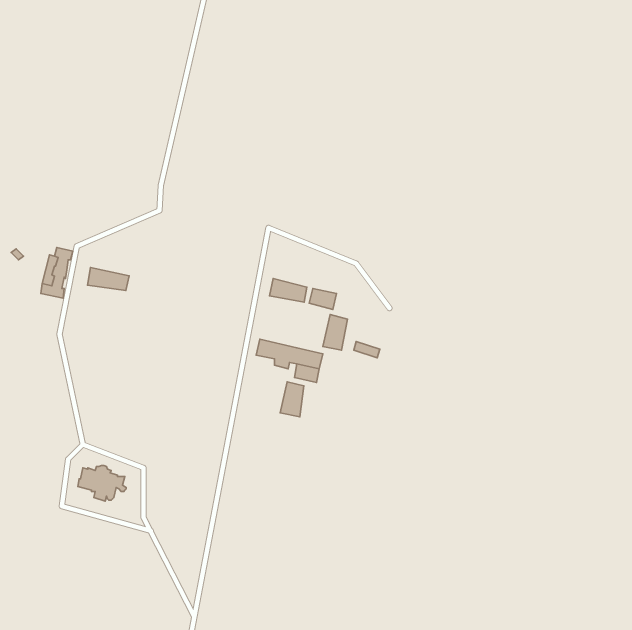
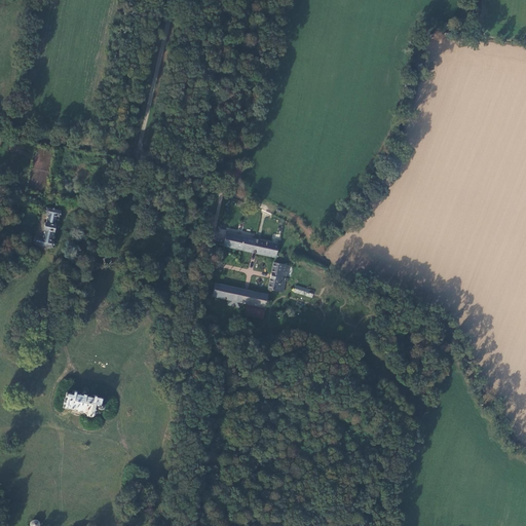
building: [88,268,129,291] -> none
building: [280,382,304,417] -> none

